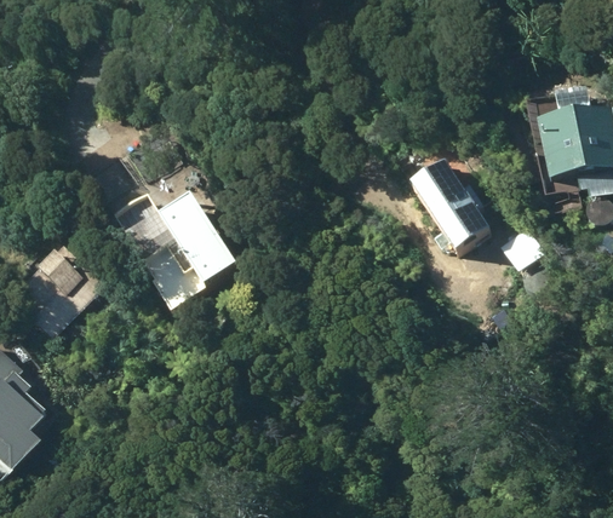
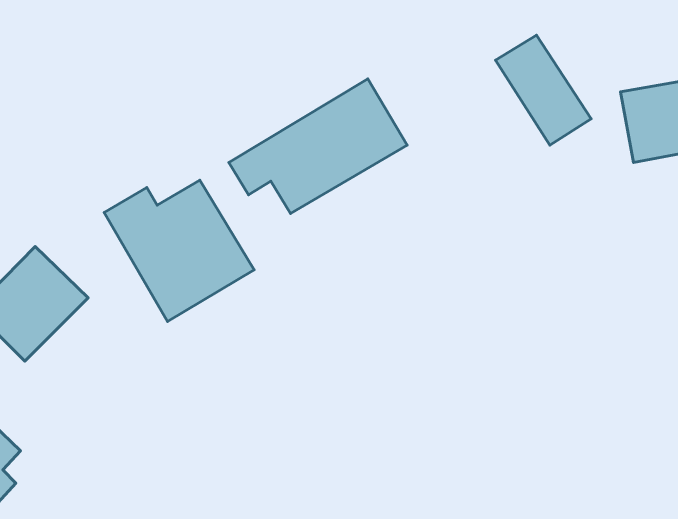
building: none -> [229,79,407,214]
building: [411,157,489,248] -> [495,35,591,145]

